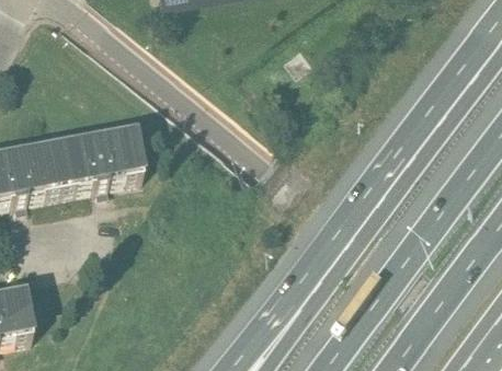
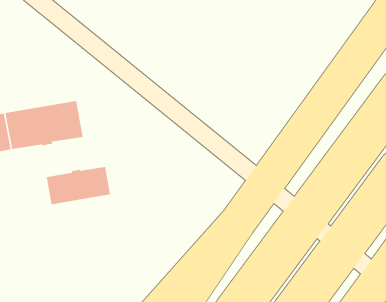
building: none -> [46,166,110,205]

